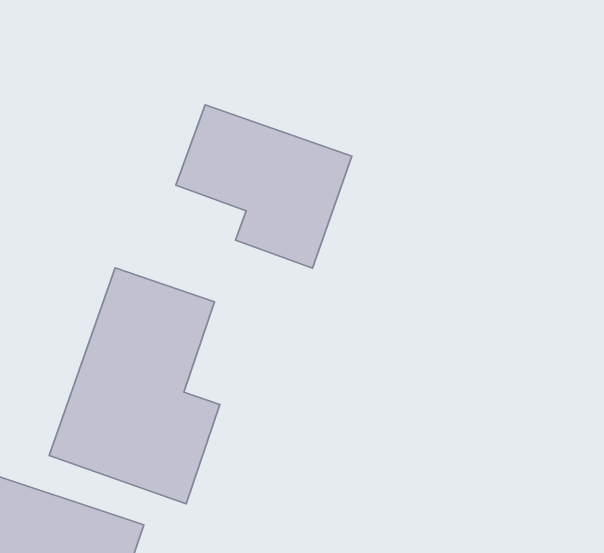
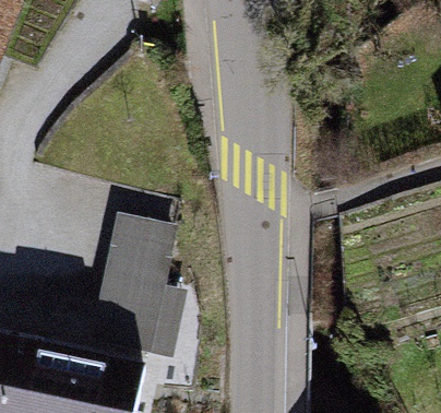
building: [176,105,352,268] -> none

